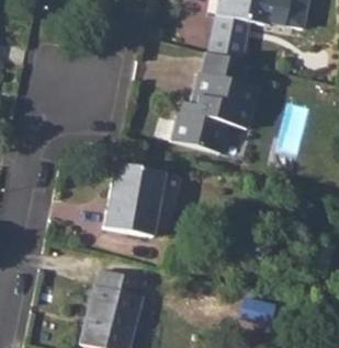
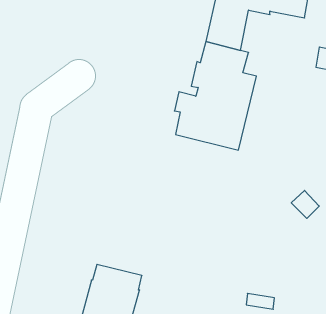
building: [103,163,165,236] -> none

